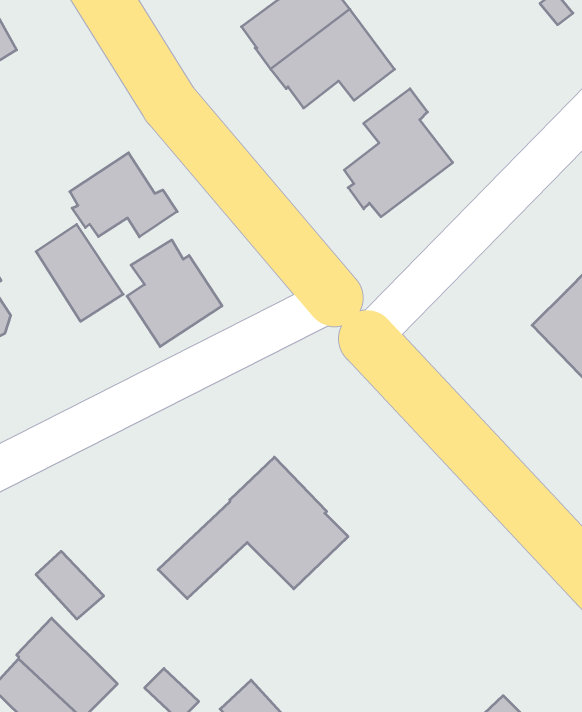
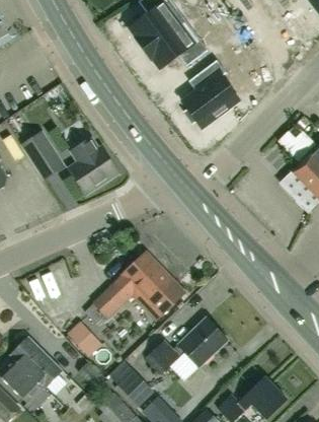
building: [70,153,177,237] -> none
building: [36,551,104,619] -> [67,321,102,356]
building: none -> [146,318,227,373]

